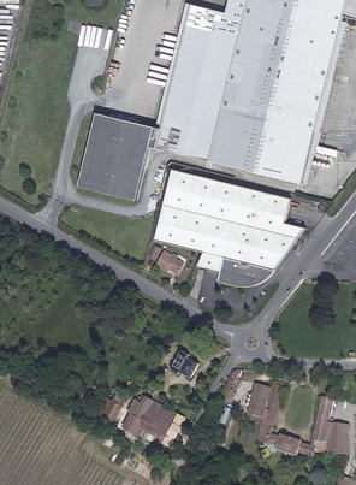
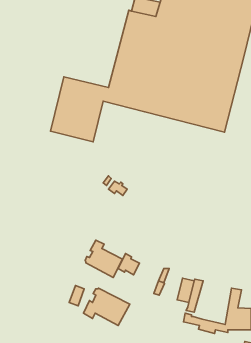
building: [153,167,304,290] -> none
building: none -> [85,240,123,278]

